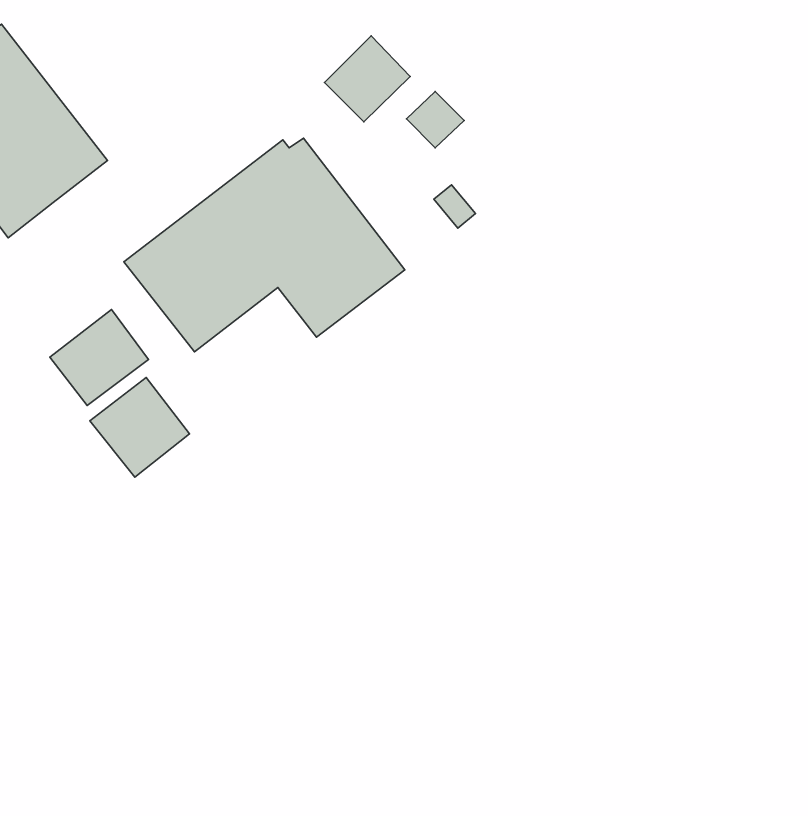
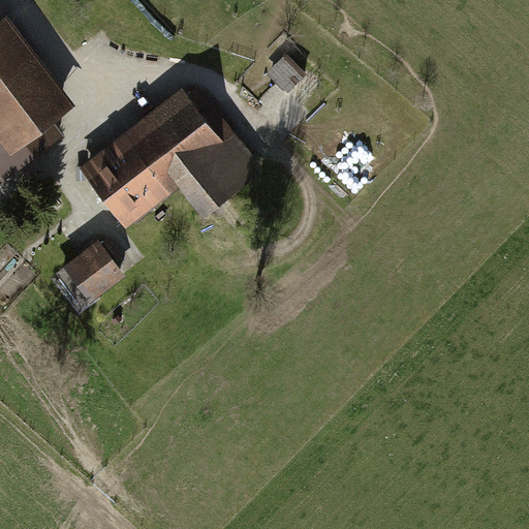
building: [325,36,410,122] -> none
building: [50,310,148,406] -> none

